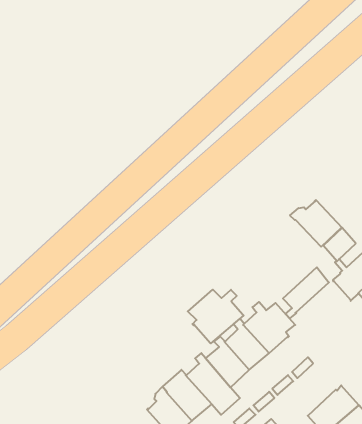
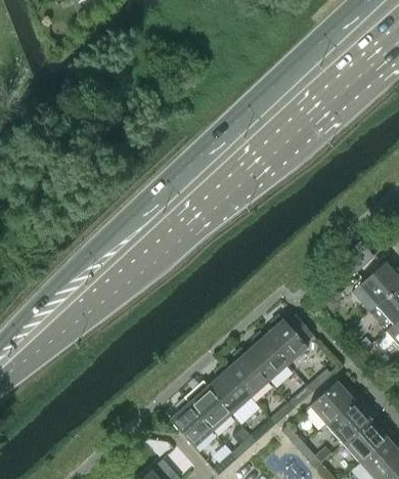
building: [290,200,342,247] -> none
building: [283,267,329,318] -> none
building: [188,290,244,343] -> none
building: none -> [309,381,359,426]

